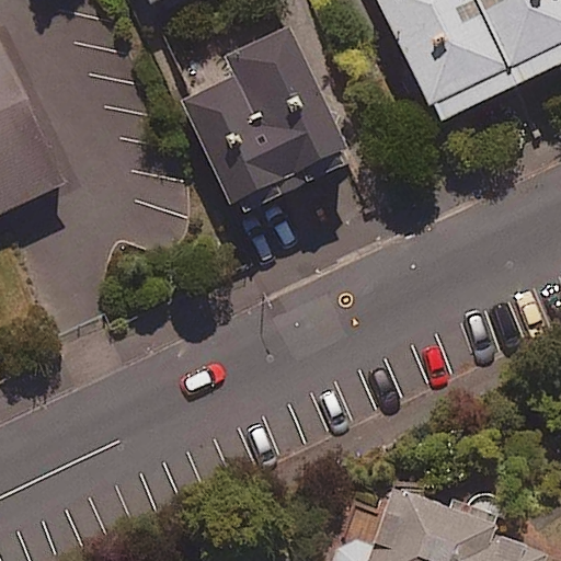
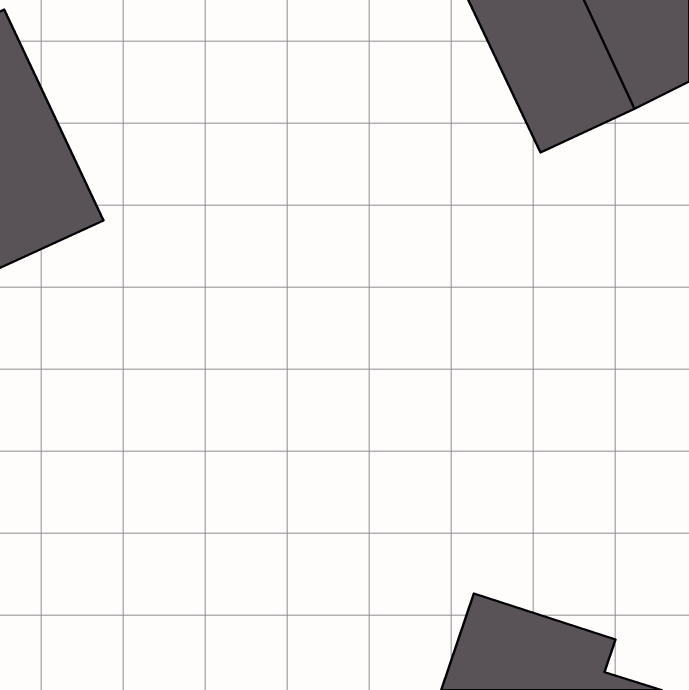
building: [179,31,352,218] -> none

